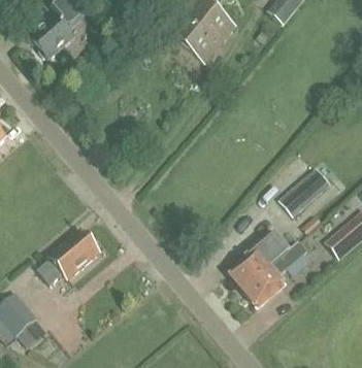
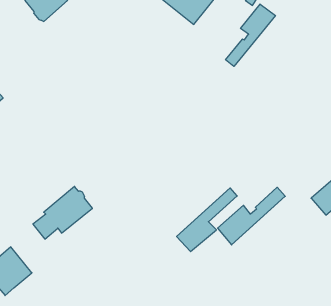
building: none -> [226,4,275,66]
building: [284,167,331,212] -> none
building: [243,240,306,306] -> [177,188,237,252]

